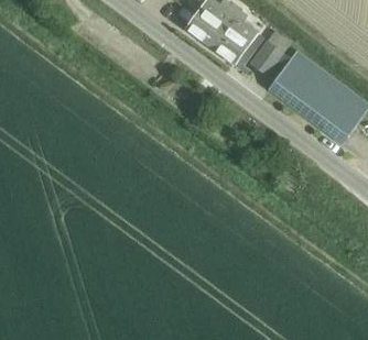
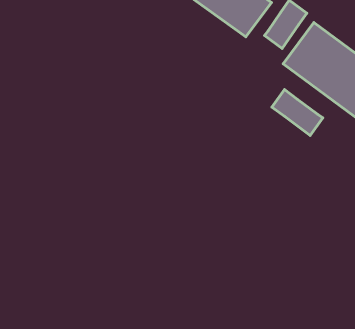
building: none -> [272,90,323,136]

